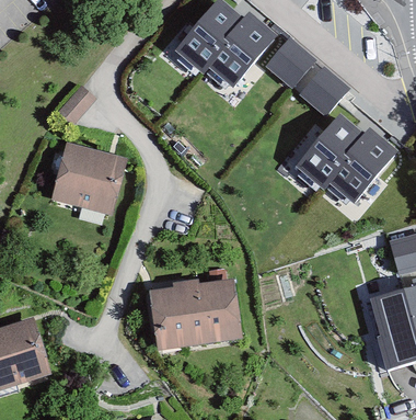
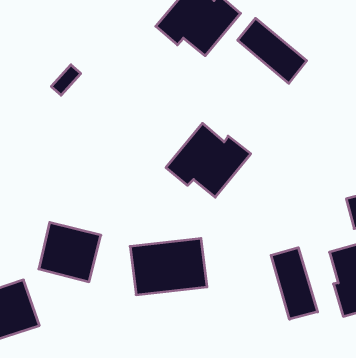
building: [298,114,392,196] -> [166,123,251,197]
building: [55,150,124,216] -> [39,222,101,282]
building: none -> [271,248,318,319]

